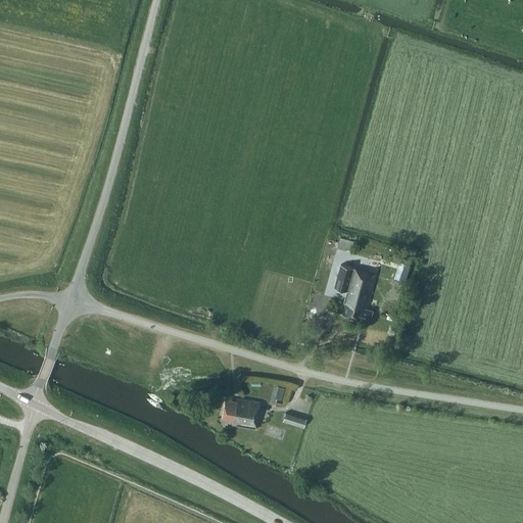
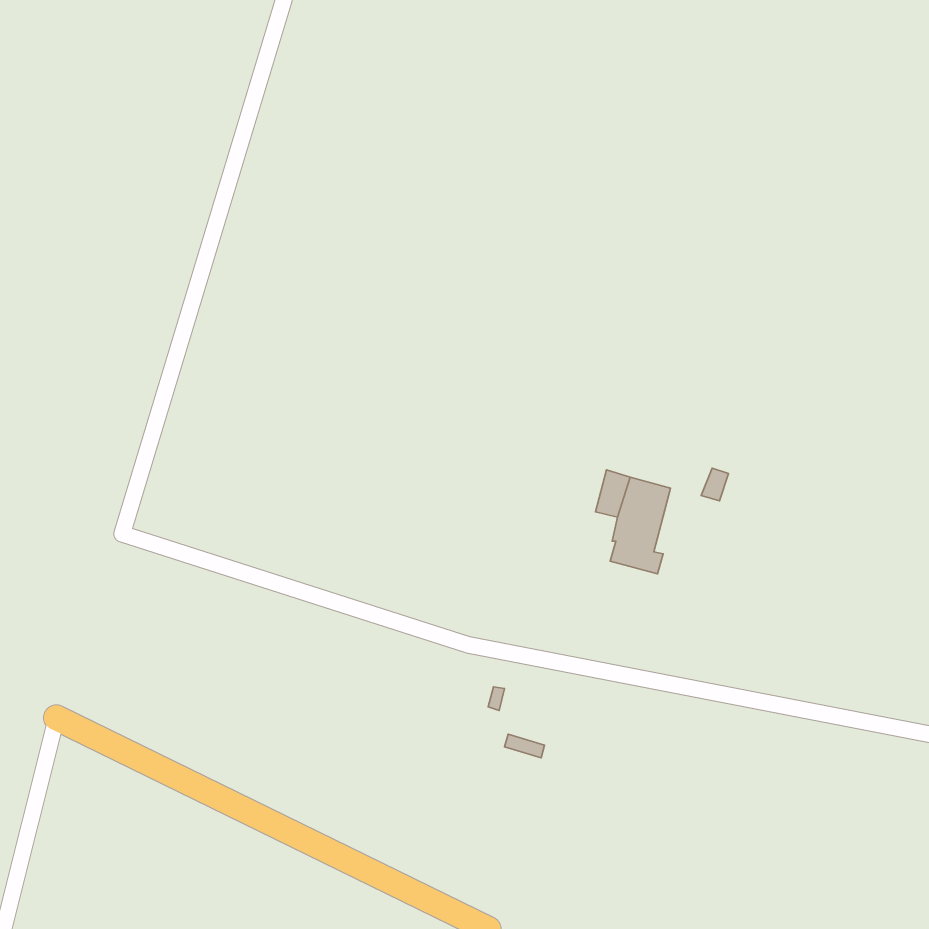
building: [220,396,258,428] -> none

